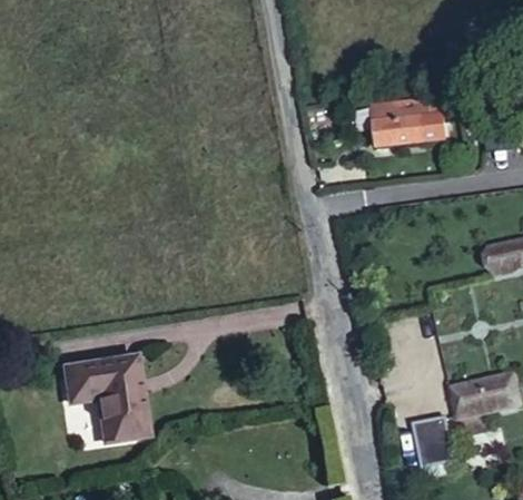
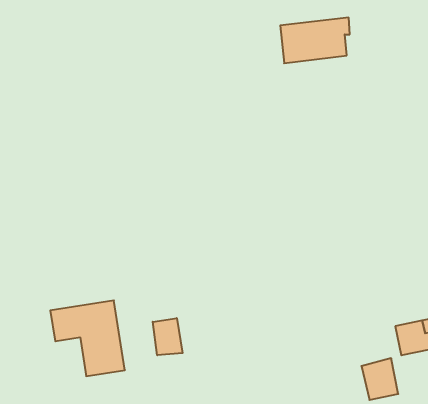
building: [372,95,450,146] -> [280,18,350,63]
building: none -> [153,318,183,355]

